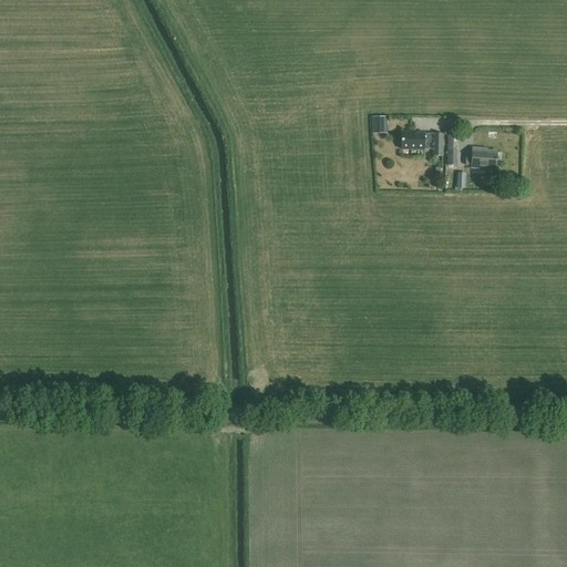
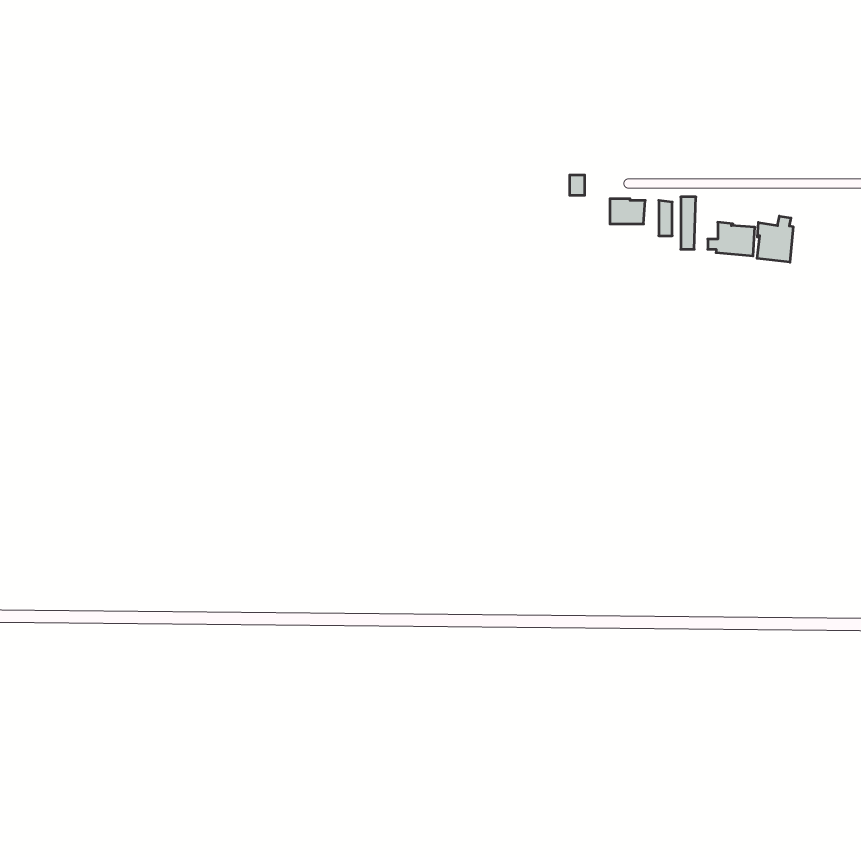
building: none -> [757,216,793,262]

